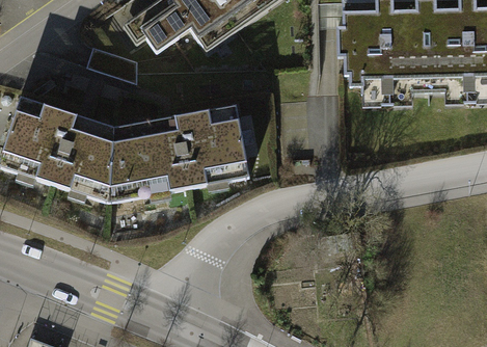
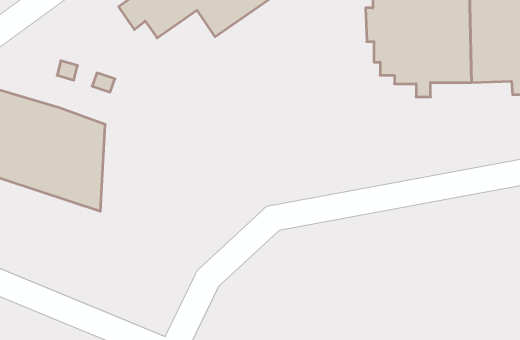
building: [109,104,250,202] -> none

